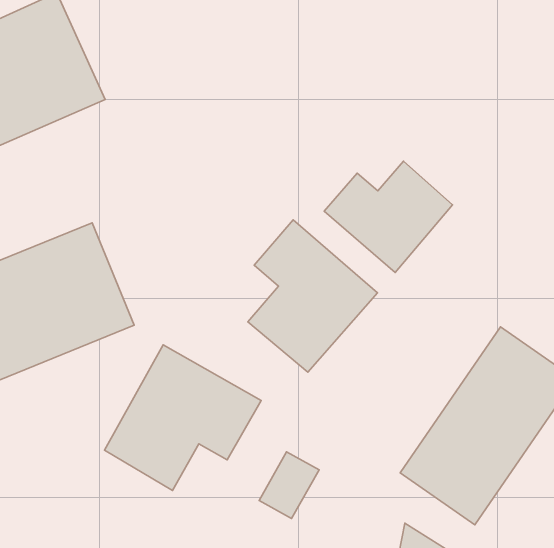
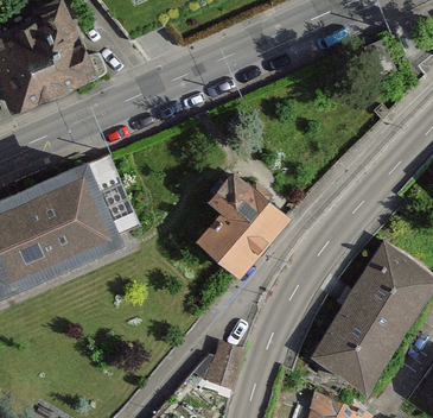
building: [324,161,453,272] -> none
building: [104,345,261,490] -> none

